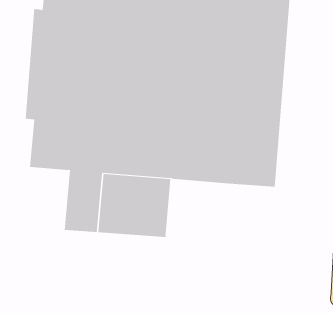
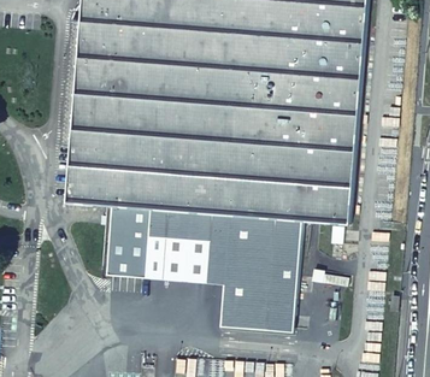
building: none -> [219,216,299,331]

